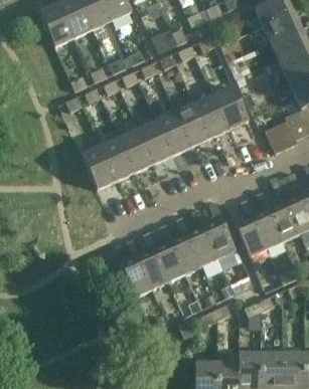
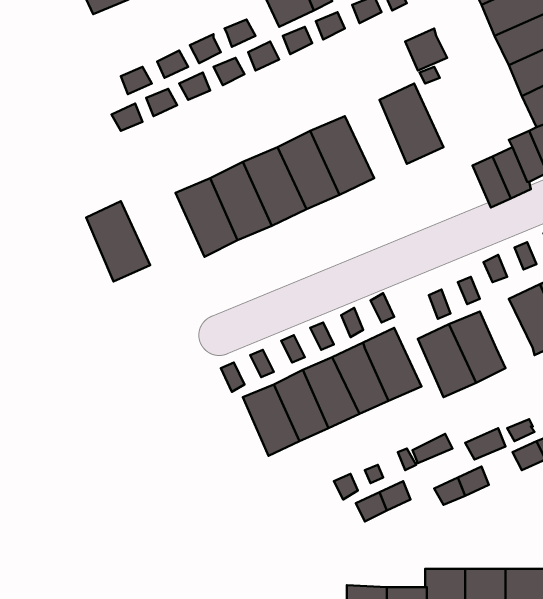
building: [193,93,227,137] -> none
building: [81,145,116,189] -> [86,201,150,281]
building: [268,203,298,241] -> none
building: [120,257,151,298] -> none

